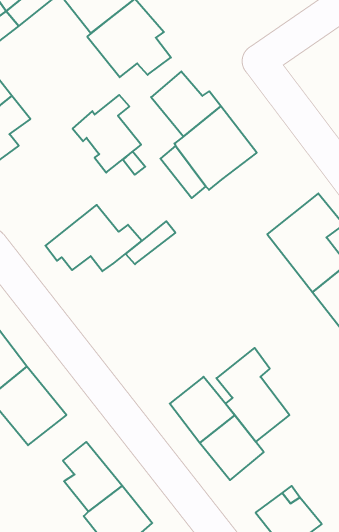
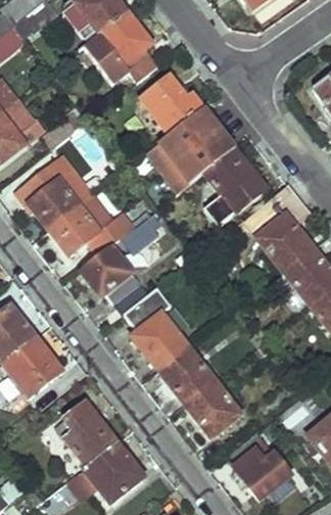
building: [73,95,141,173] -> [19,161,80,230]
building: none -> [204,148,250,221]
building: none -> [85,245,139,300]
building: [216,348,289,442] -> [124,286,188,369]

